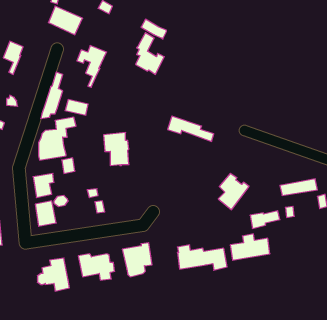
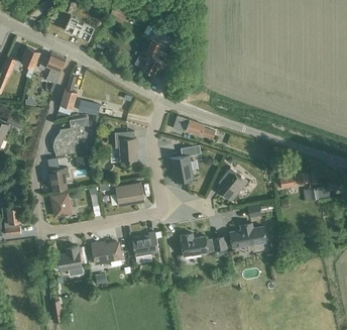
building: [77,46,107,87] -> [39,52,67,91]
building: none -> [169,144,201,181]
building: none -> [115,184,144,205]

